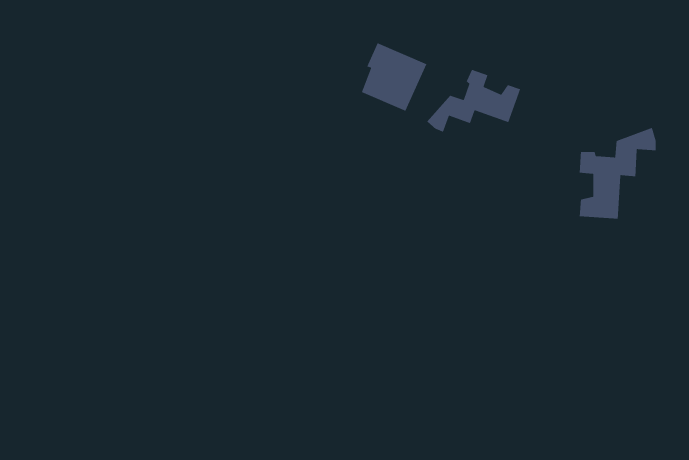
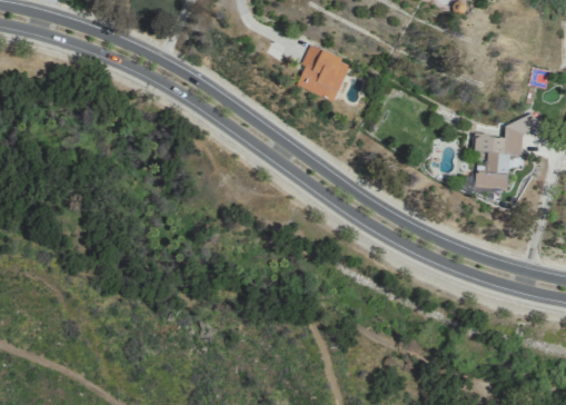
building: [427,69,521,133] -> none

